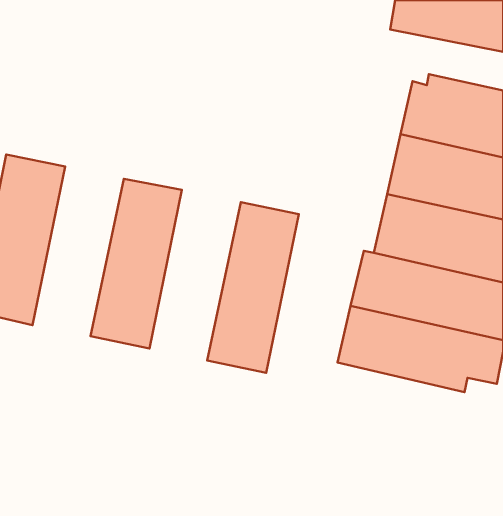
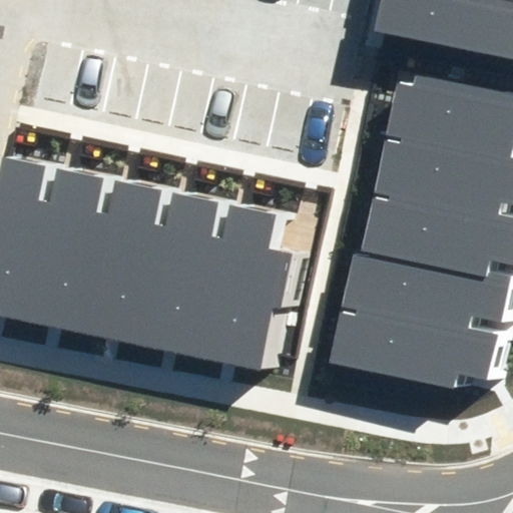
building: none -> [32,167,122,335]
building: none -> [147,190,237,359]

